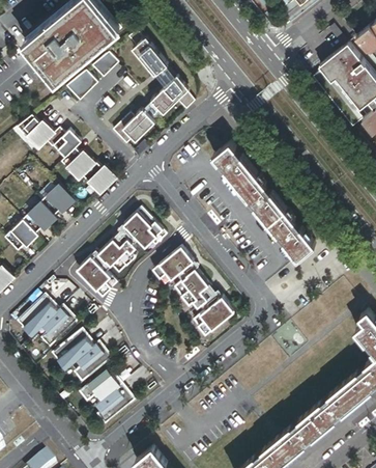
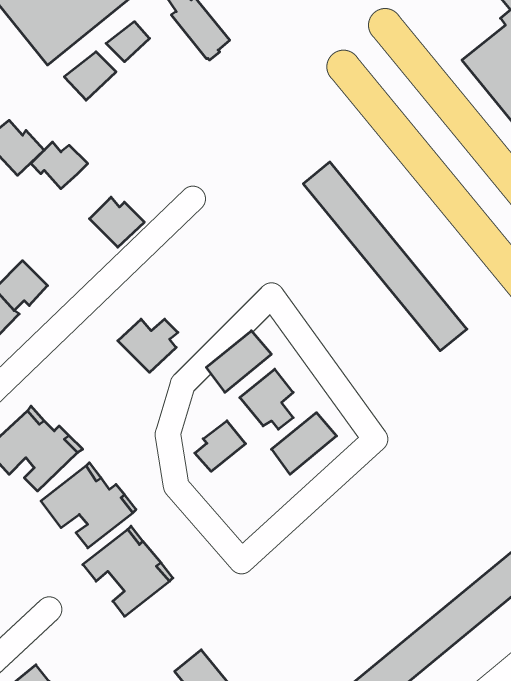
building: [149,75,193,113] -> none
building: [110,108,152,143] -> none
building: [59,148,93,180] -> none
building: [39,185,74,216] -> none
building: [124,208,167,246] -> none
building: [77,255,116,295] -> none
building: none -> [195,421,246,471]

